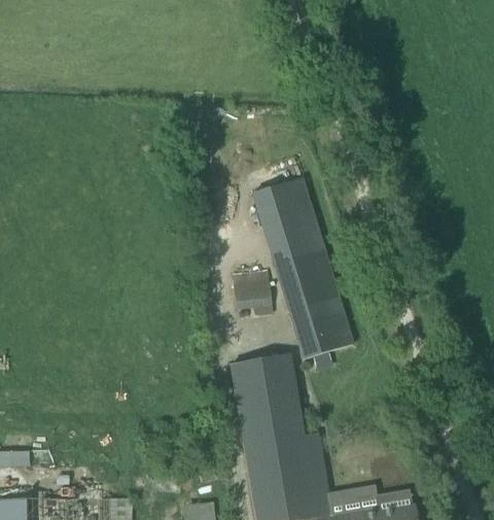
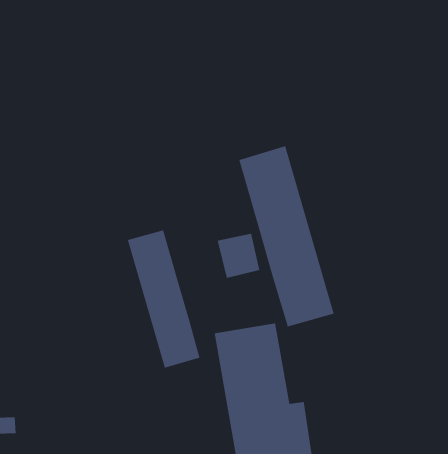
building: none -> [127,229,200,369]

